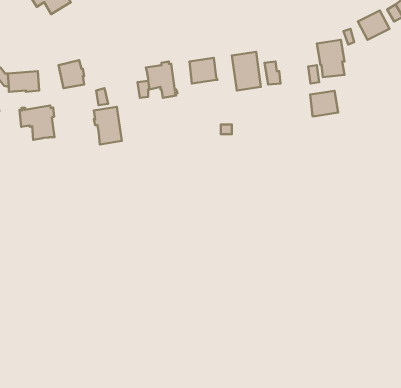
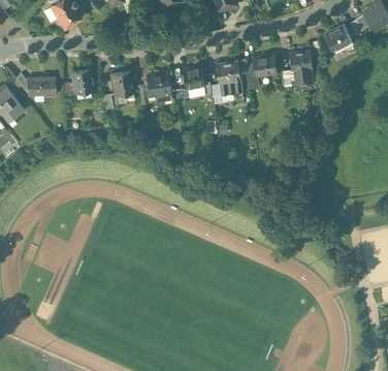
building: [310,91,338,116] -> [254,55,278,76]
building: [20,105,54,140] -> none
building: [94,107,122,145] -> [109,68,133,100]

